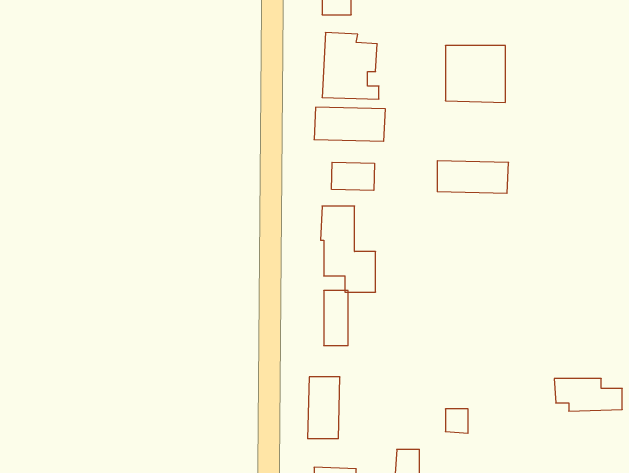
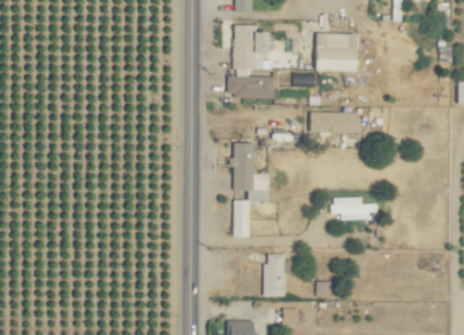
building: [332,162,374,190] -> none
building: [308,377,340,439] -> [264,254,286,296]
building: [554,379,622,411] -> [330,197,377,219]

